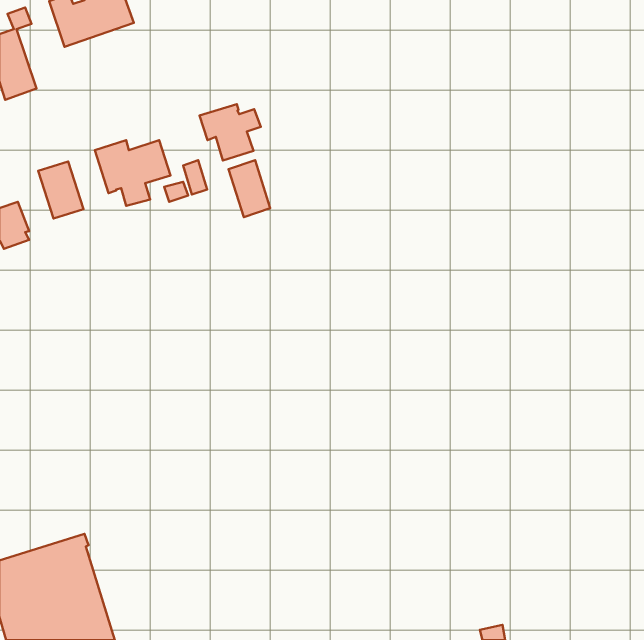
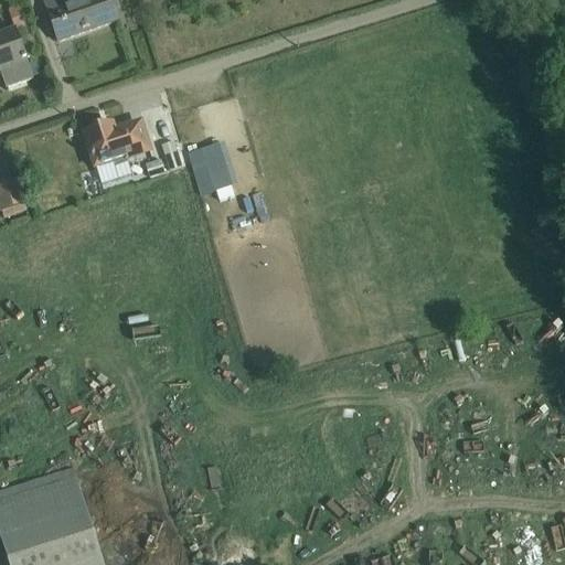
building: [200,104,261,160] -> none
building: [38,162,83,218] -> none

